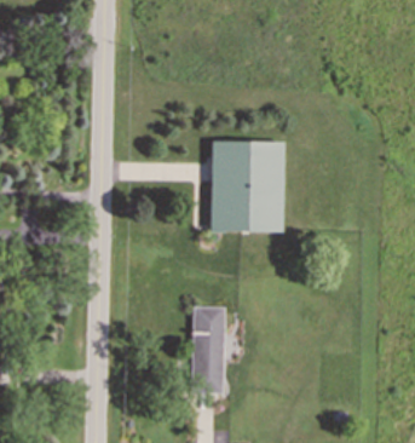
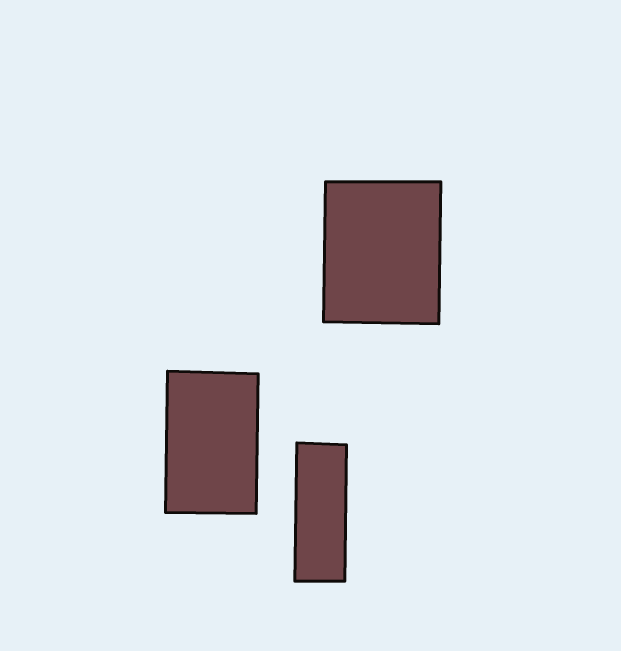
building: none -> [165,371,258,513]

